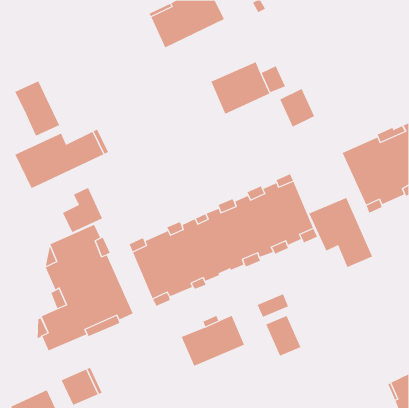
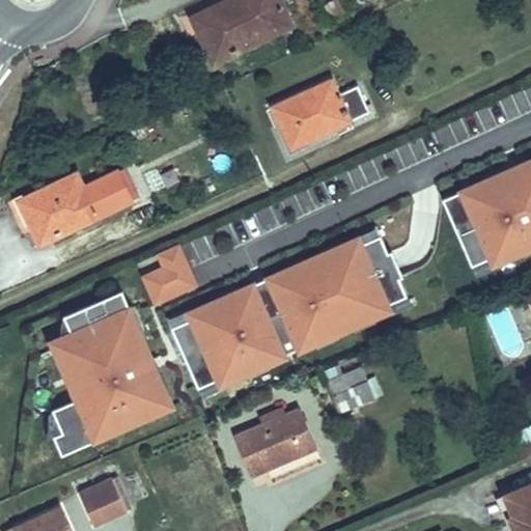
building: [15,80,60,136] -> none
building: [280,88,315,128] -> none
building: [62,187,103,233] -> [143,245,196,304]
building: [309,197,373,268] -> none
building: [265,315,301,356] -> none

